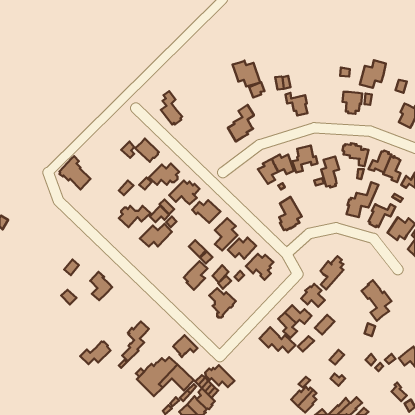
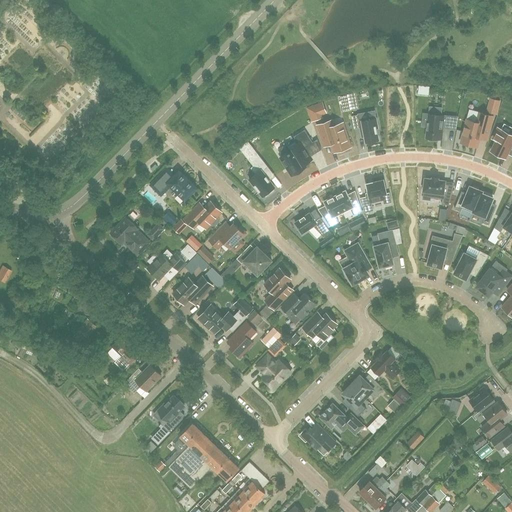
building: [360,60,386,88] -> [460,112,492,146]
building: [232,60,260,86] -> [316,119,350,151]
building: [161,91,182,125] -> [248,155,274,196]
building: [59,156,90,189] -> [110,213,148,254]
building: [321,157,339,187] -> [373,229,395,267]
building: none -> [294,212,331,237]
building: none -> [197,304,235,331]
building: [320,256,344,289] -> none
building: [361,280,392,321] -> [469,387,506,437]
building: [173,335,197,357] -> [178,423,208,450]
building: [80,341,110,364] -> [123,364,160,392]
building: [205,365,234,387] -> [299,423,335,450]

